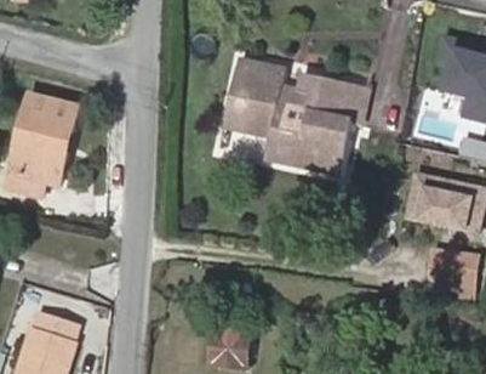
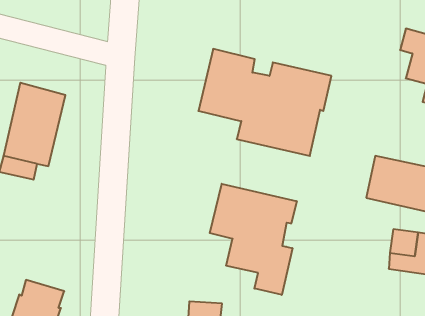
building: none -> [210,184,297,295]

